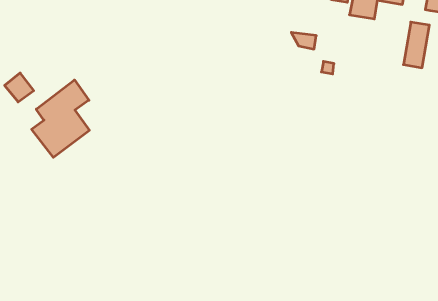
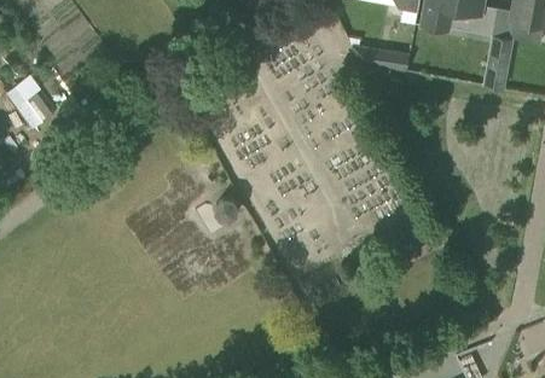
building: [32,80,89,157] -> none

